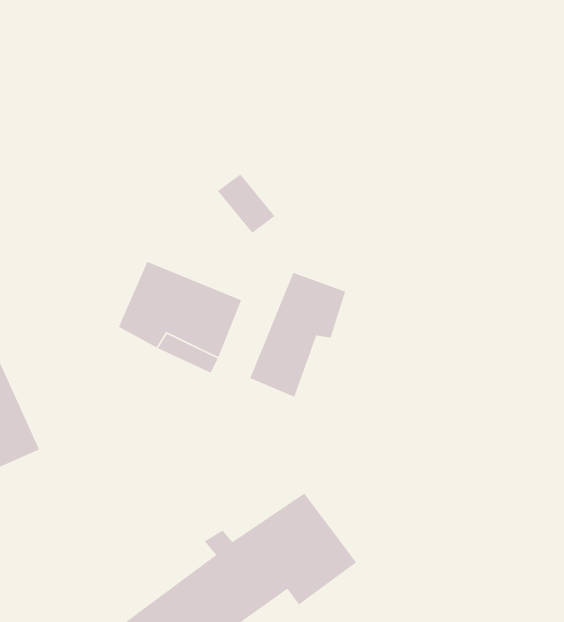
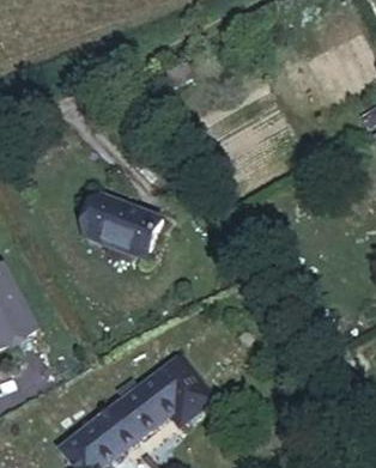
building: [249,272,346,398] -> none

